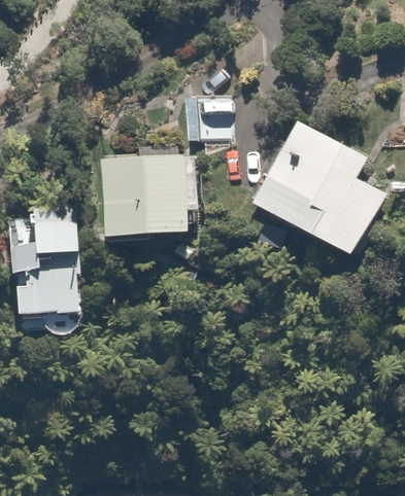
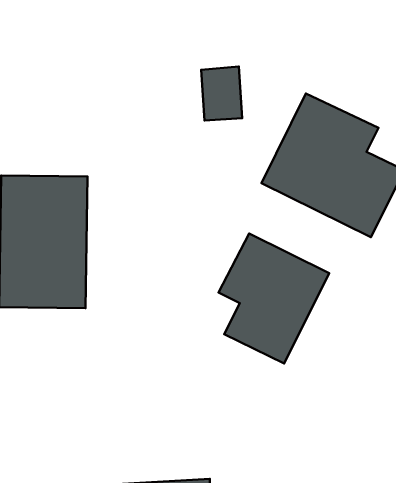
building: [100,152,182,239] -> none
building: none -> [219,234,329,364]

